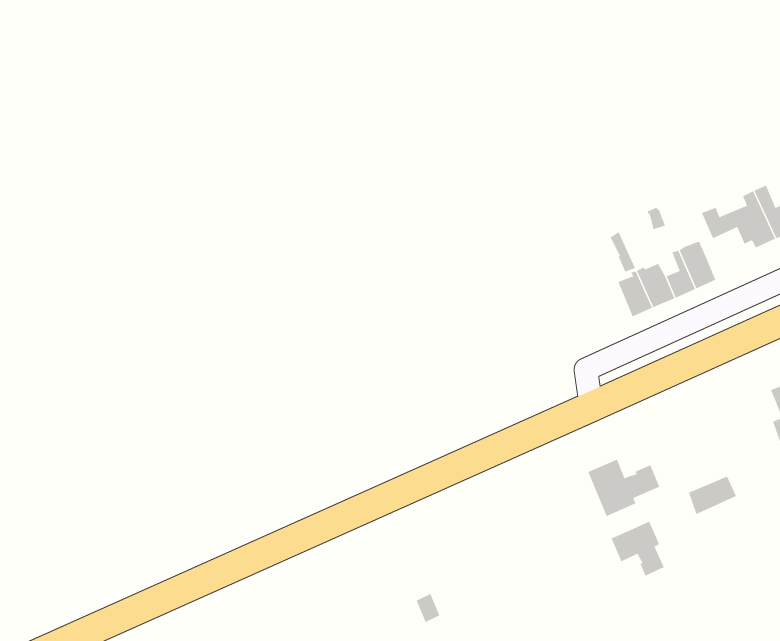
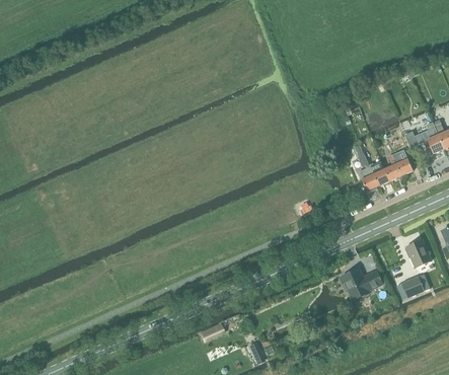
building: none -> [406,239,432,267]
building: [611,521,665,576] -> none

